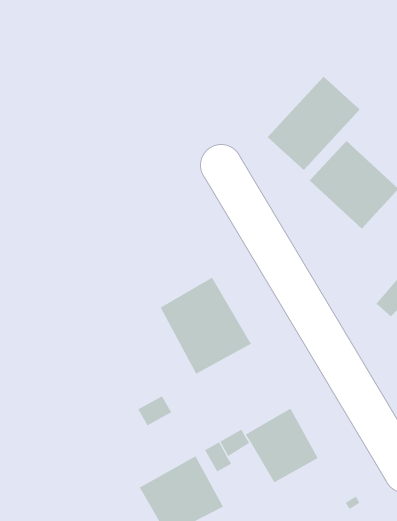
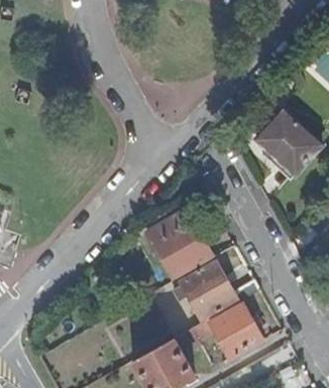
building: [267,76,361,171] -> none
building: none -> [174,260,259,315]

